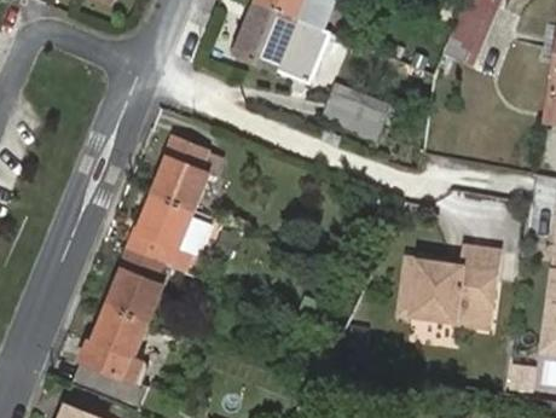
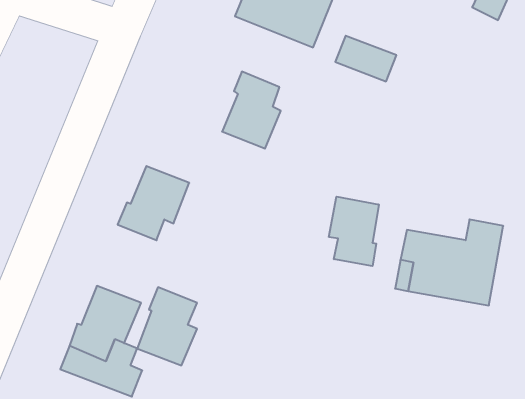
building: [155,137,209,208] -> [222,72,281,149]
building: none -> [329,197,379,266]
building: [109,246,164,319] -> [137,287,197,365]

